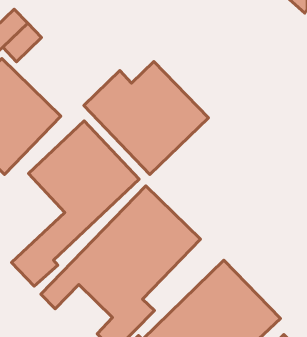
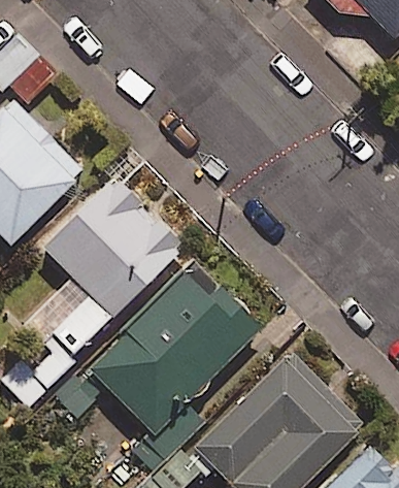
building: [84,61,208,175] -> none

